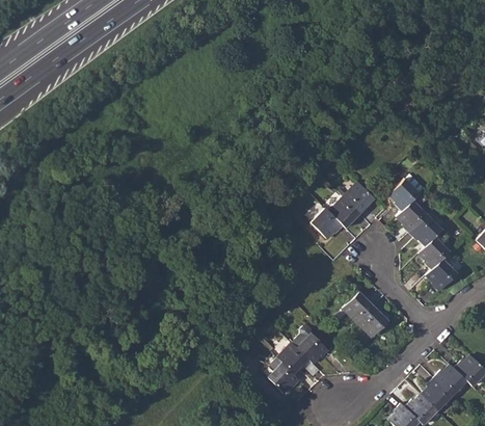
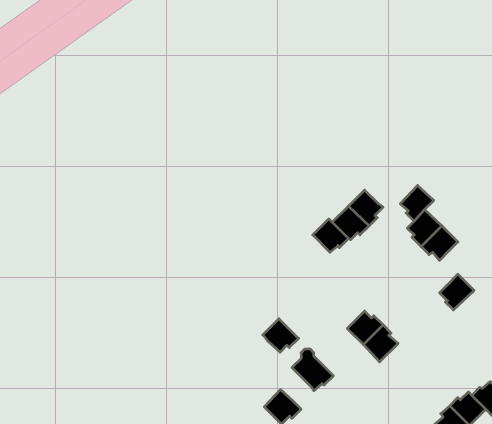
building: [419,236,450,268] -> none
building: [278,342,311,372] -> [263,319,299,352]

